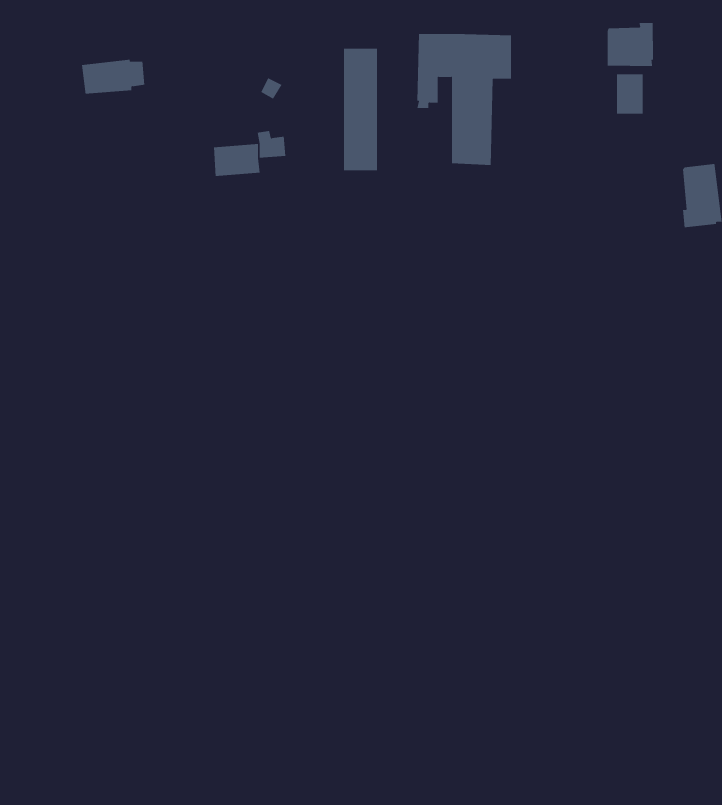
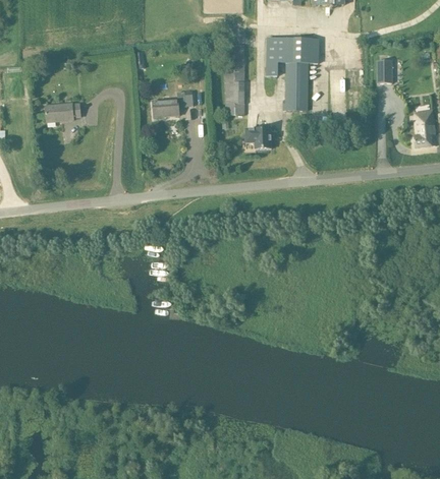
building: [607,22,653,67] -> none
building: [81,59,145,94] -> [45,103,80,122]
building: none -> [245,128,272,149]

